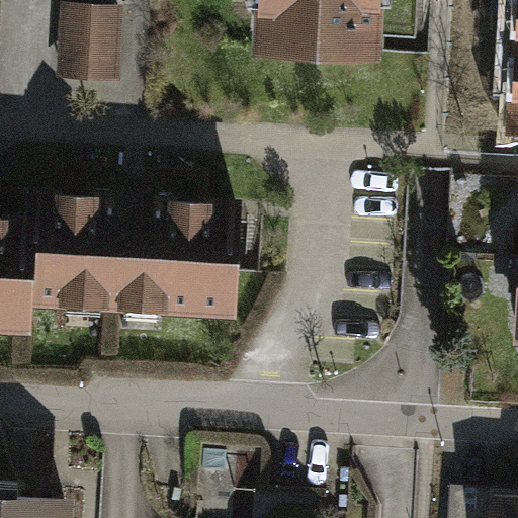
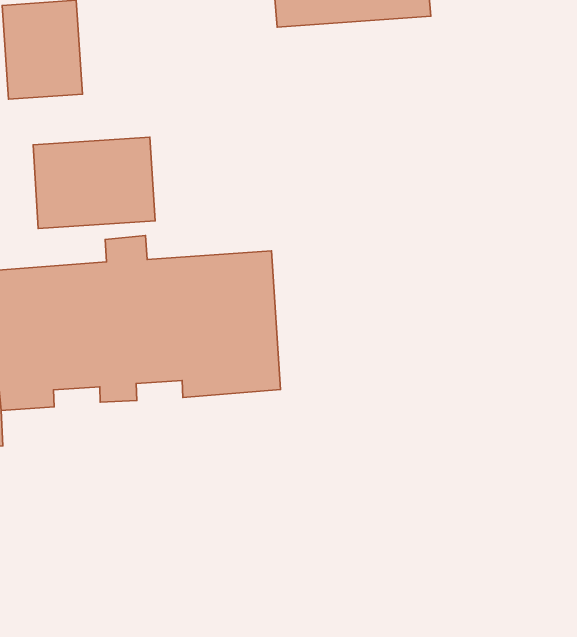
building: none -> [33,137,155,229]

